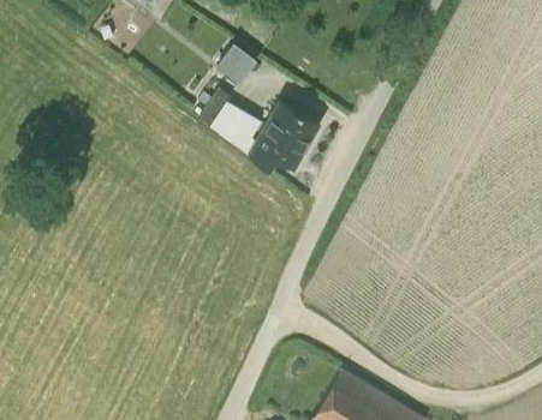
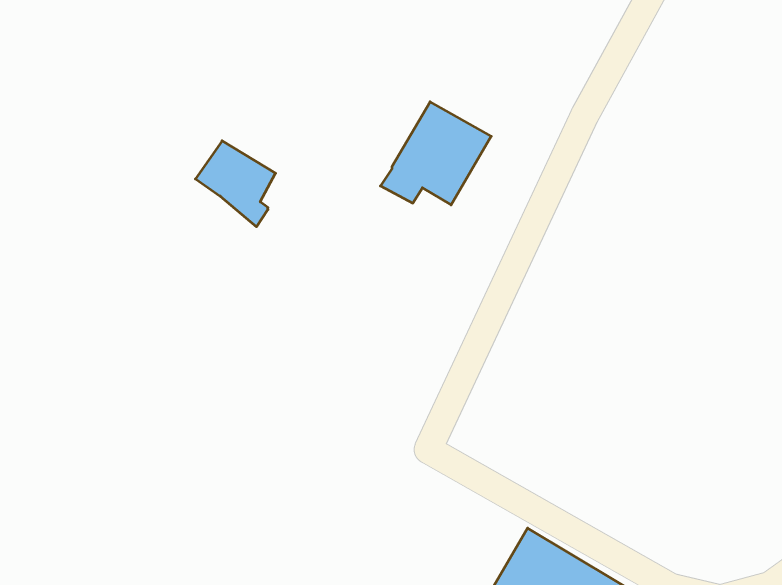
building: [218,44,257,84] -> none
building: [212,101,262,155] -> [195,141,276,227]

